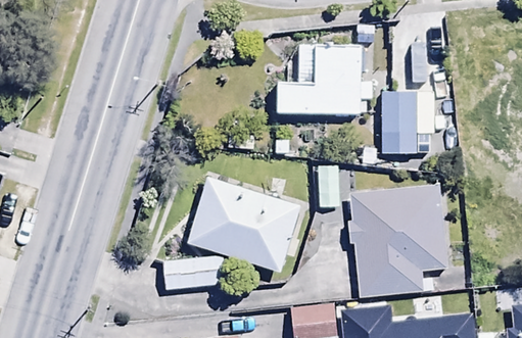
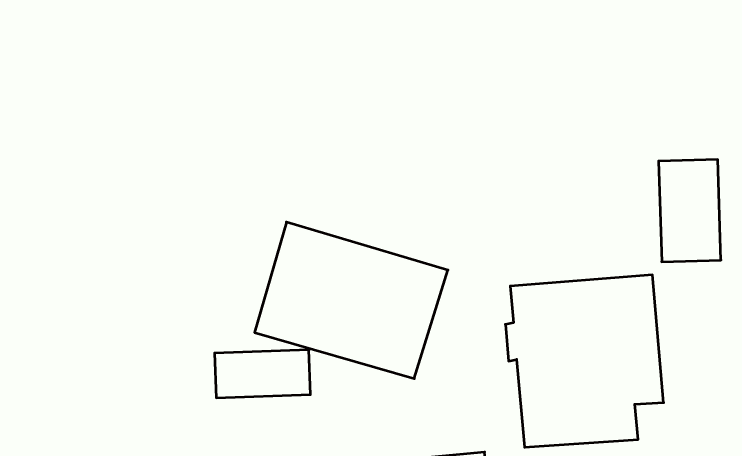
building: [276,46,372,114] -> none
building: [380,68,420,134] -> [659,160,721,262]

